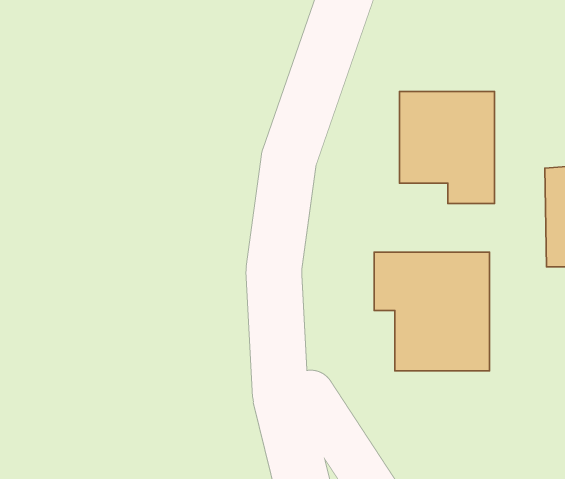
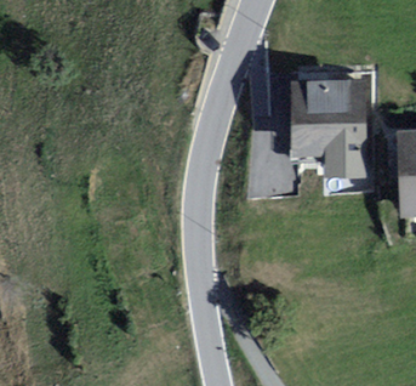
building: [374,252,489,371] -> none

